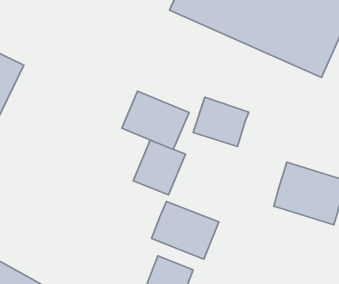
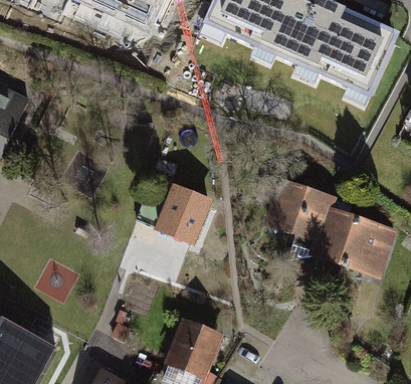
building: [122,91,189,149] -> none
building: [193,97,249,147] -> [269,182,333,238]
building: [152,201,219,259] -> none

